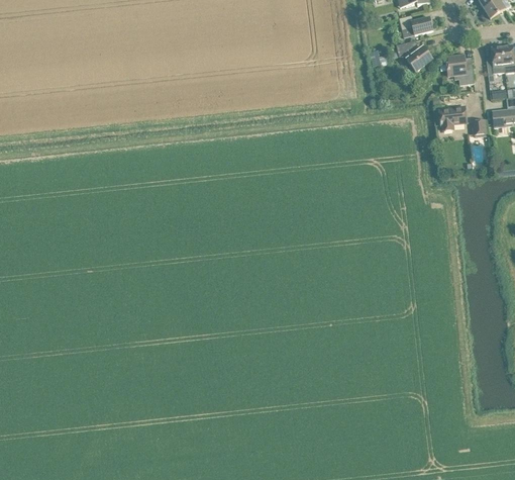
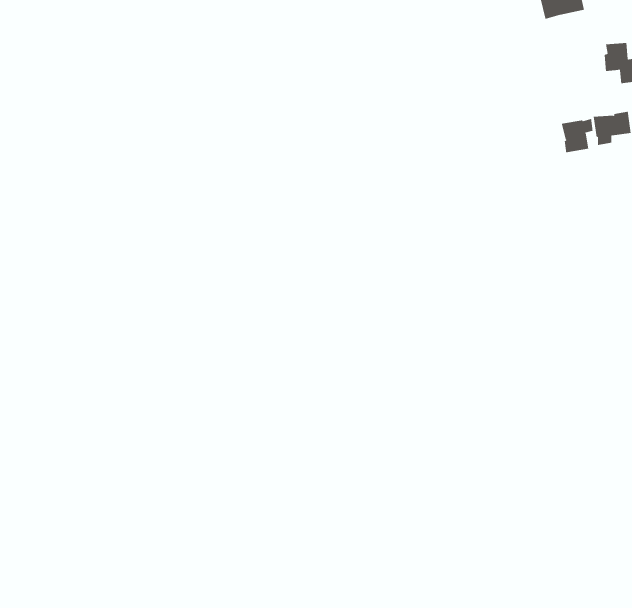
building: [397,39,432,71] -> none
building: none -> [561,118,593,153]

